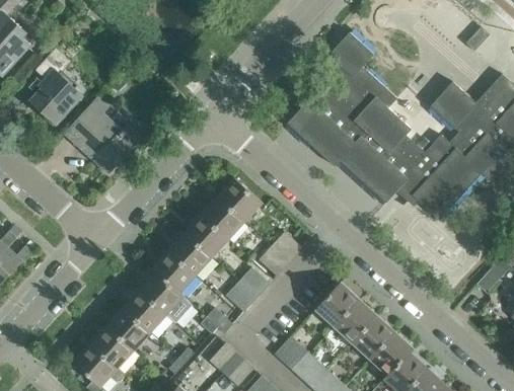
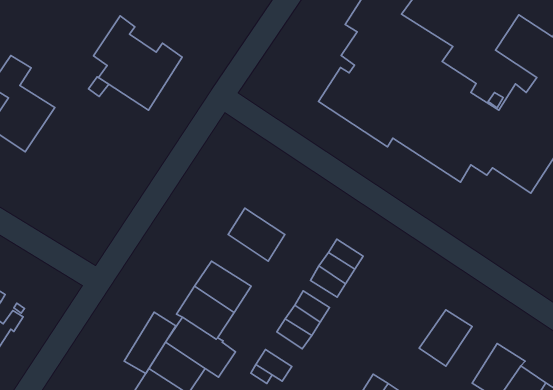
building: [73,98,141,174] -> [94,16,182,110]
building: [217,178,262,222] -> none
building: [185,215,228,257] -> none
building: none -> [124,312,176,373]
building: [315,283,359,326] -> none
building: [352,316,394,360] -> none

